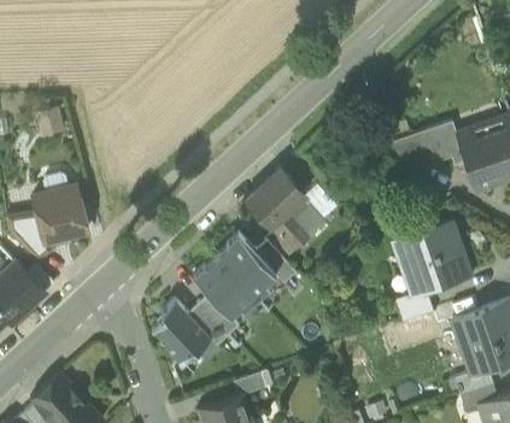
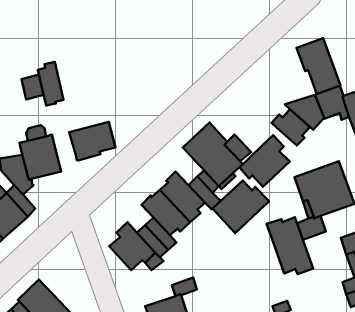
building: none -> [296,38,340,94]
building: none -> [38,62,63,105]
building: none -> [271,109,310,146]
building: none -> [69,122,116,160]
building: none -> [239,135,290,187]
building: none -> [213,180,269,233]
building: none -> [266,217,313,274]

